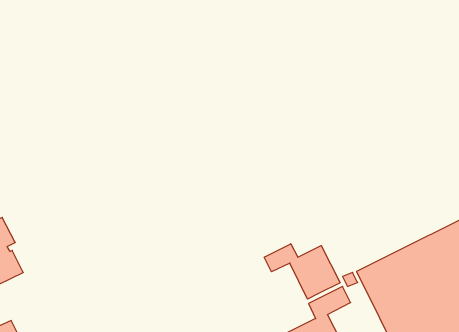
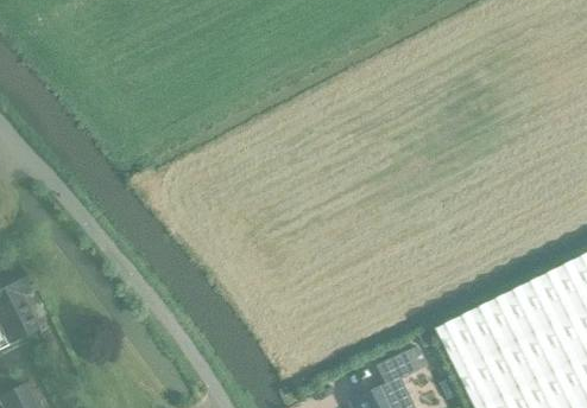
building: [264,244,340,299] -> none

